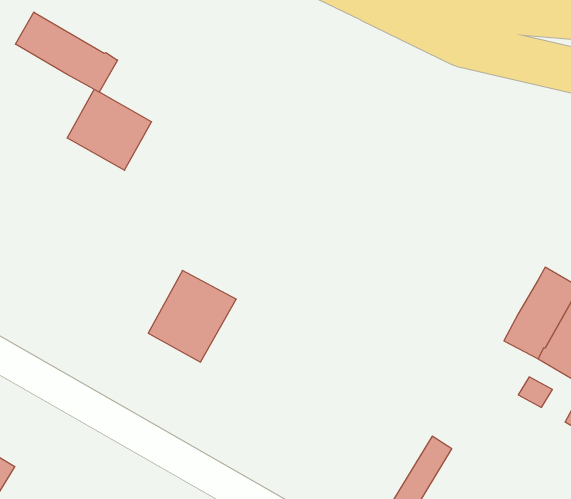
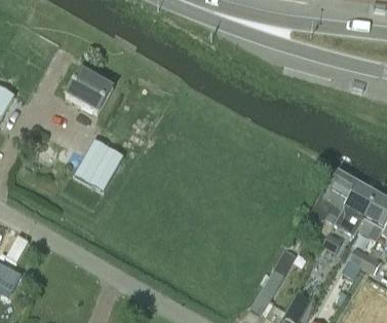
building: [15,12,118,92] -> none
building: [148,270,236,362] -> [74,137,124,189]

